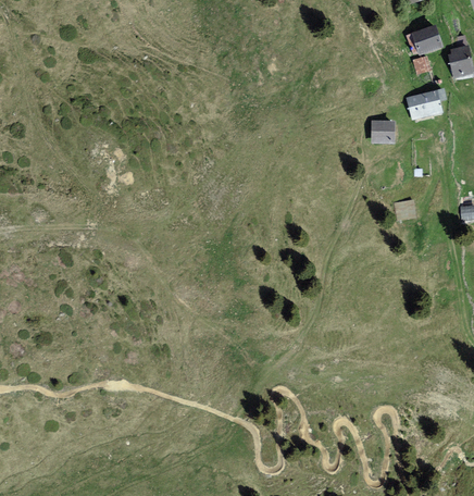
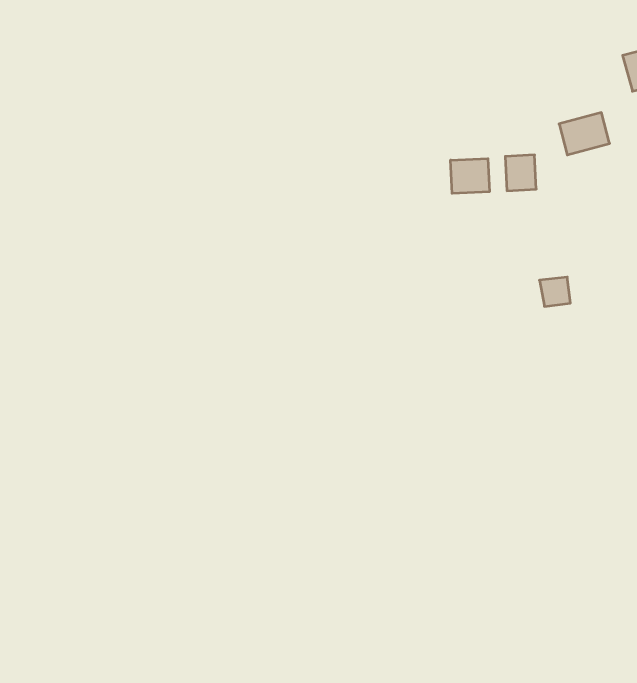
building: [412,25,440,53] -> none
building: none -> [451,159,489,193]

